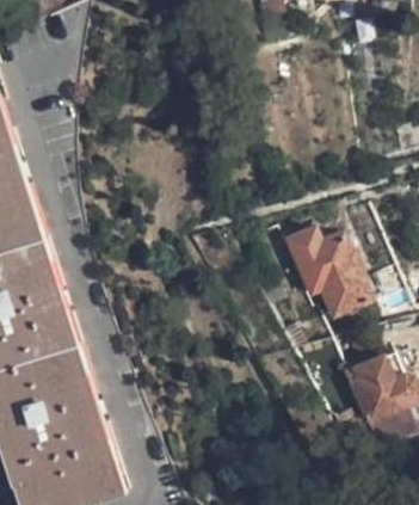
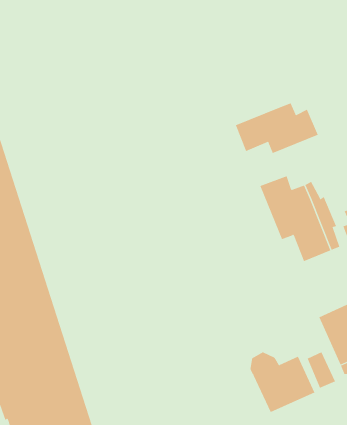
building: none -> [235,102,318,154]
building: none -> [250,352,315,413]

